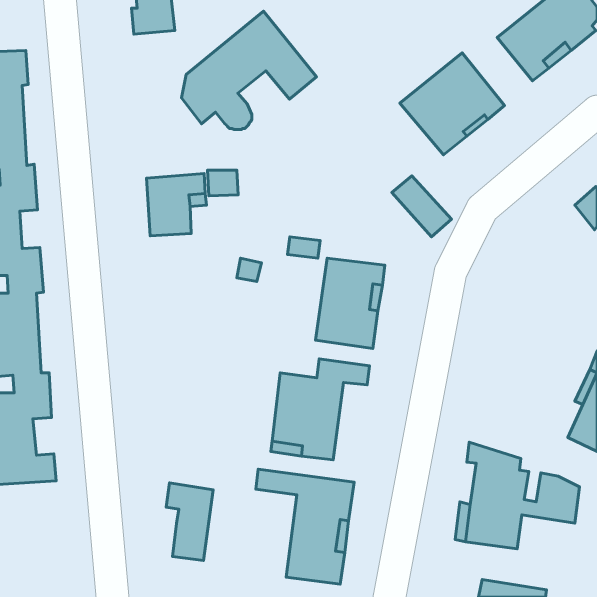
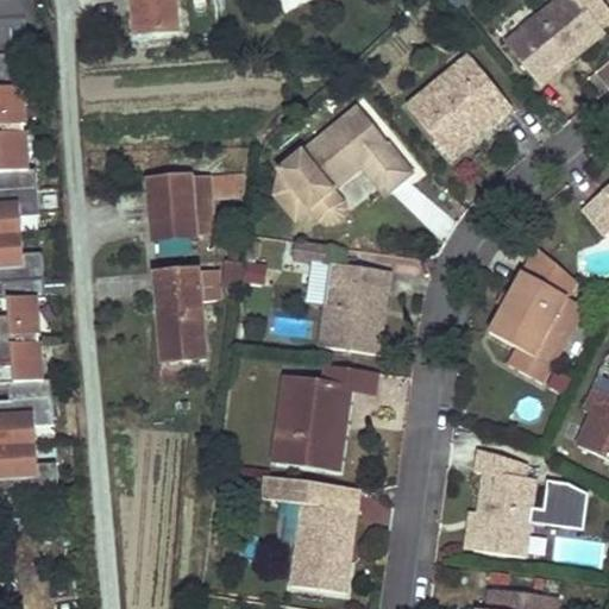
building: [182,11,316,130] -> [274,106,410,226]
building: none -> [488,246,584,383]
building: none -> [157,271,212,363]
building: [166,483,213,560] -> none

